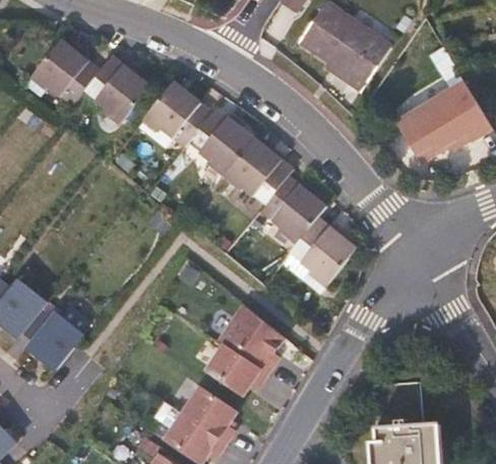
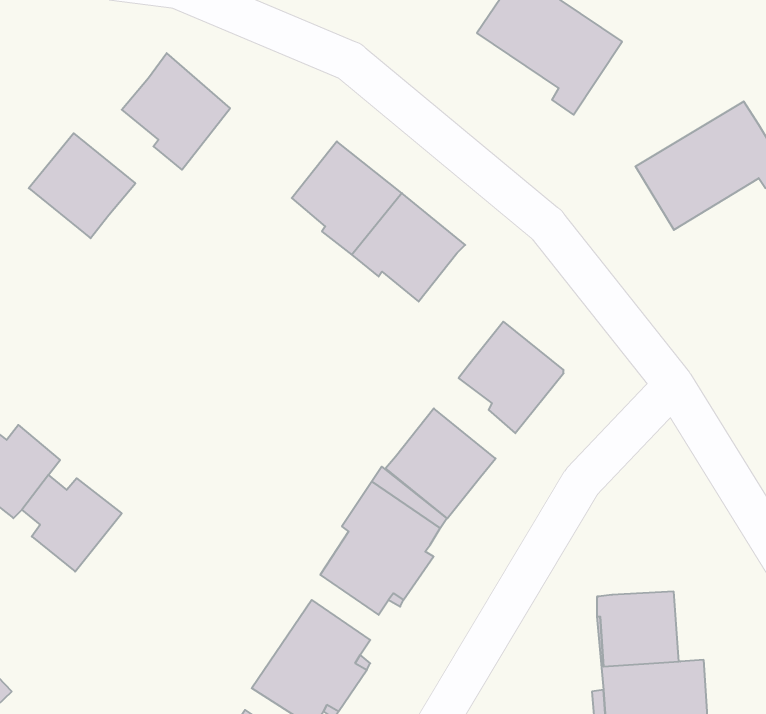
building: [35,39,100,103] -> [29,133,135,238]
building: [143,82,210,148] -> none
building: [258,176,325,243] -> [386,408,496,518]

